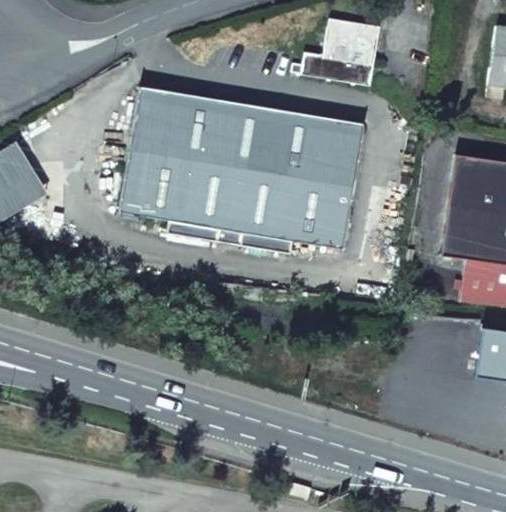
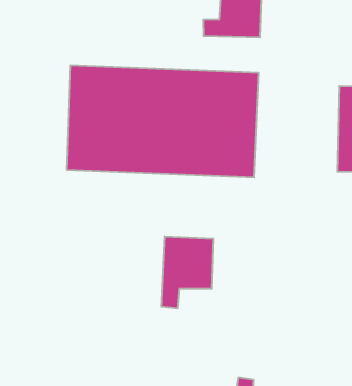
building: none -> [161,236,213,308]

